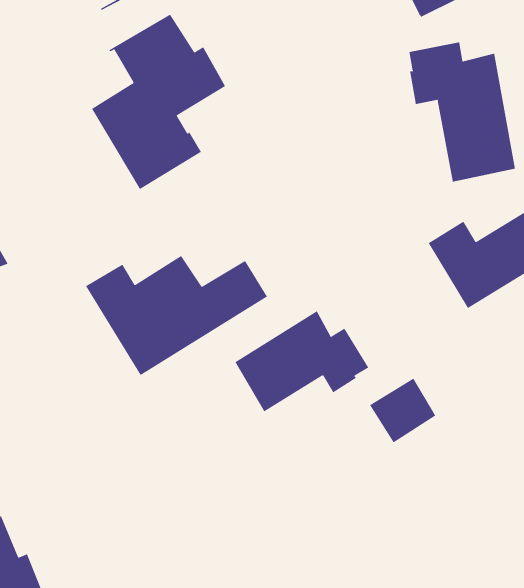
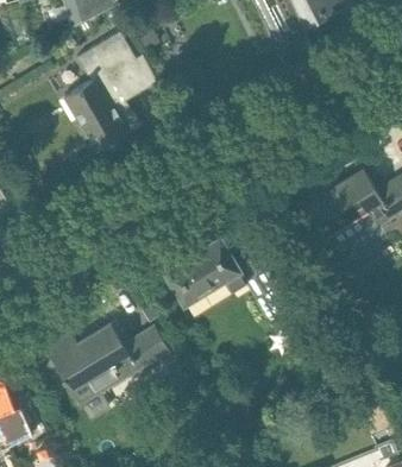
building: [409,42,516,183] -> none
building: [85,255,268,376] -> [43,322,169,405]

